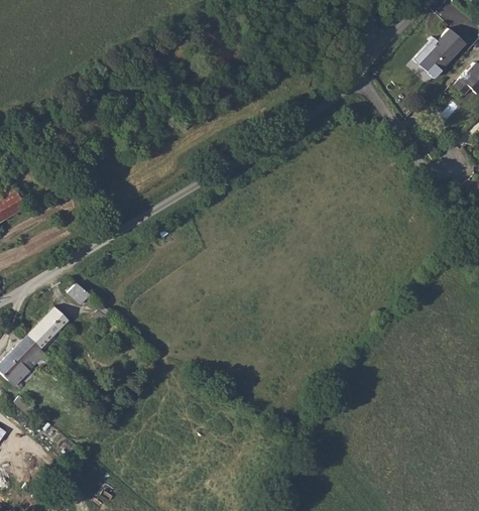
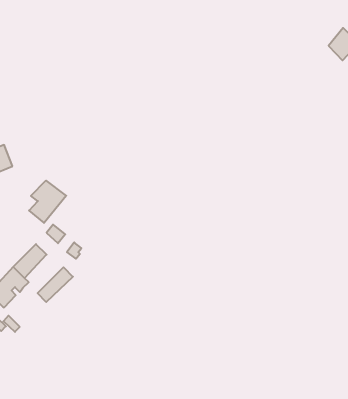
building: none -> [29,181,66,223]
building: none -> [38,267,73,302]

